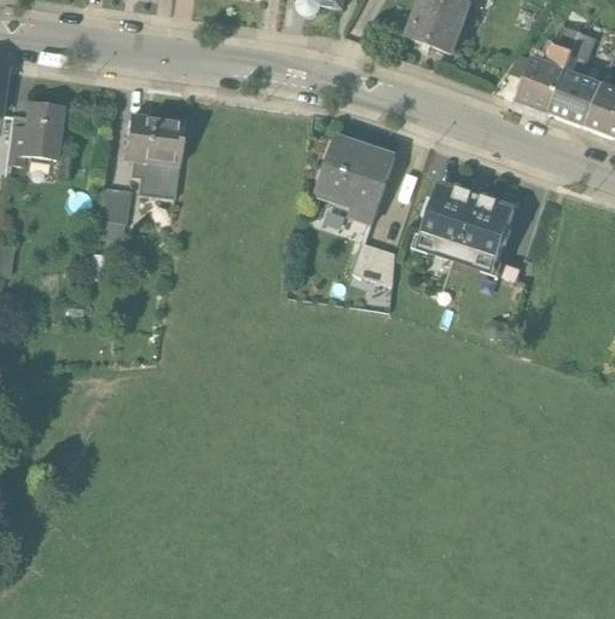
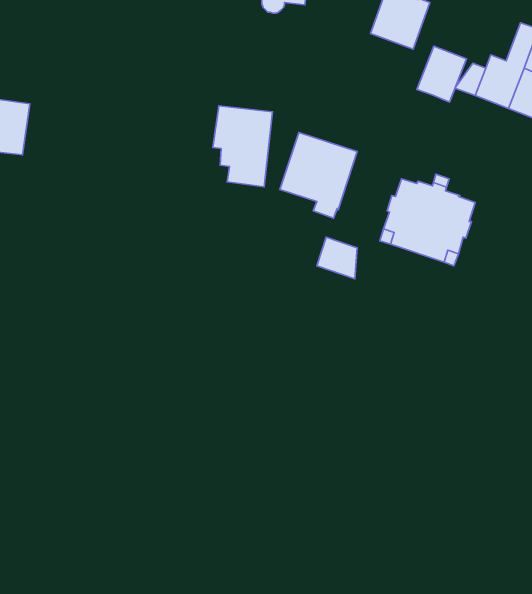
building: none -> [417,46,467,102]
building: [123,116,184,198] -> [213,106,272,187]
building: [97,190,129,222] -> none

